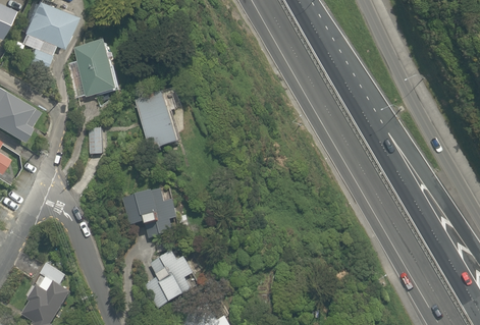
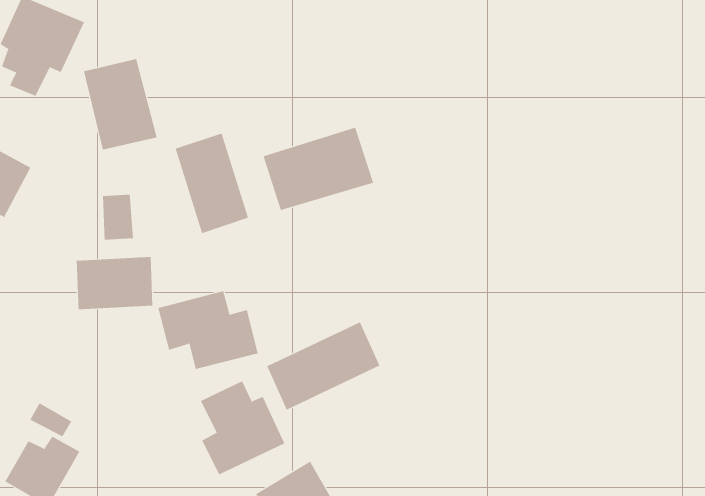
building: none -> [263,127,374,211]
building: none -> [76,256,153,310]
building: none -> [266,321,380,410]

